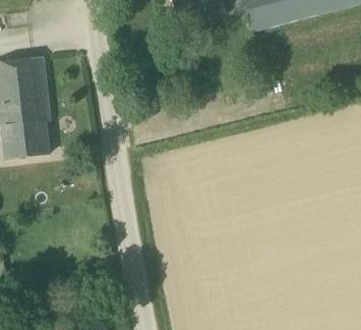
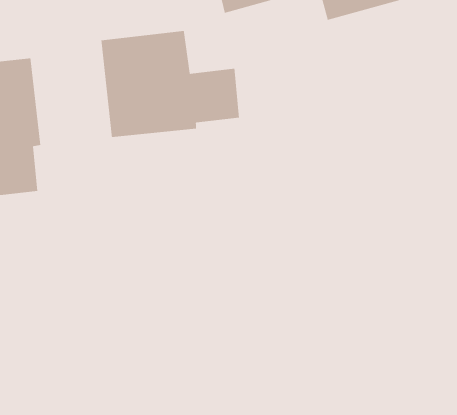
building: none -> [101,30,240,138]

